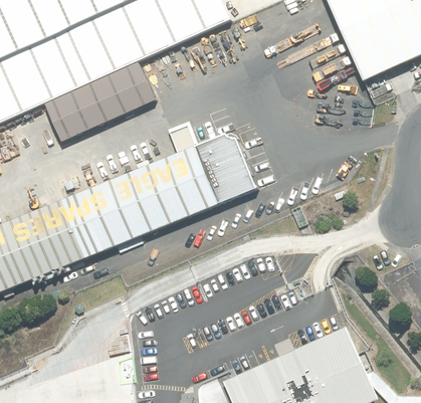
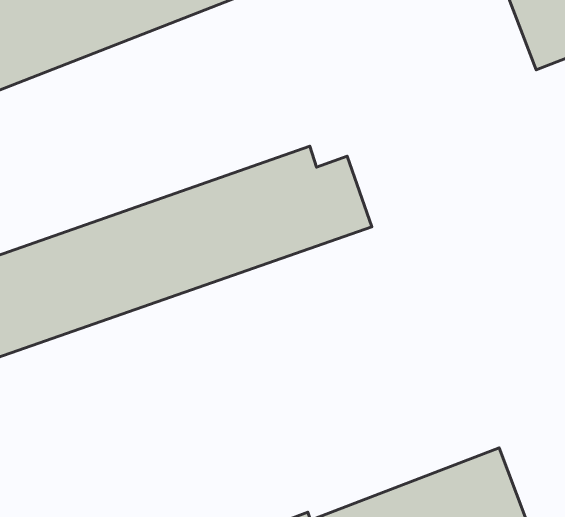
building: [47,64,160,142] -> none

